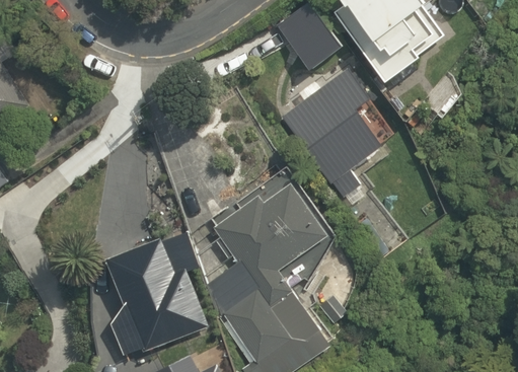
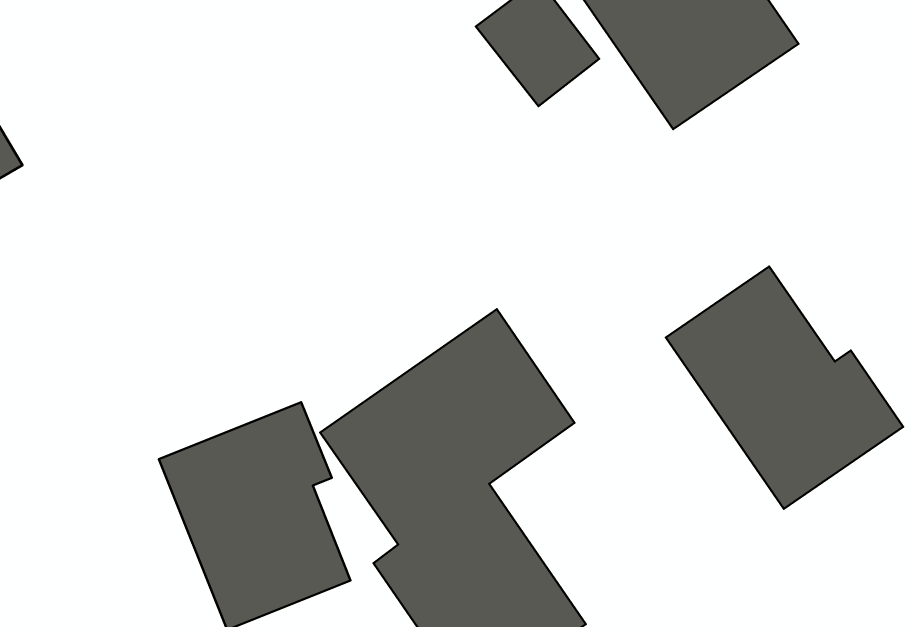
building: [274,57,386,206] -> none
building: none -> [666,266,903,509]

